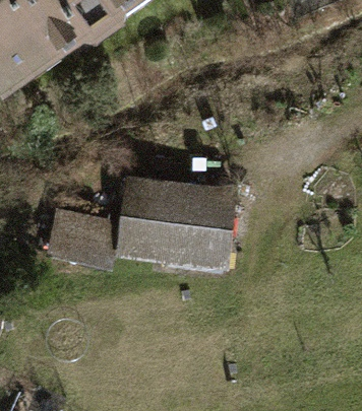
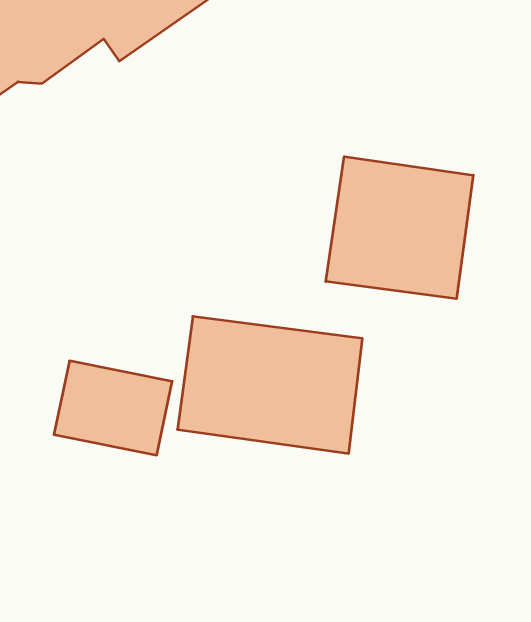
building: none -> [326,157,473,299]

